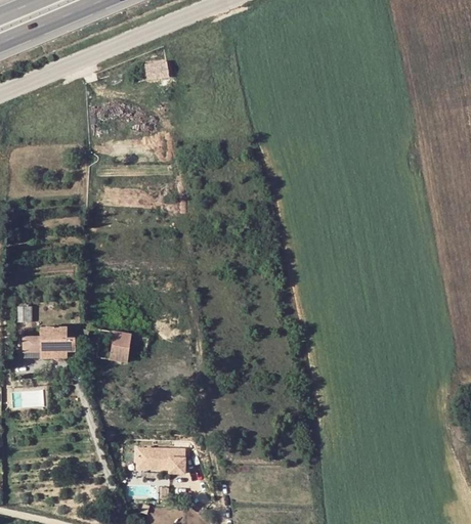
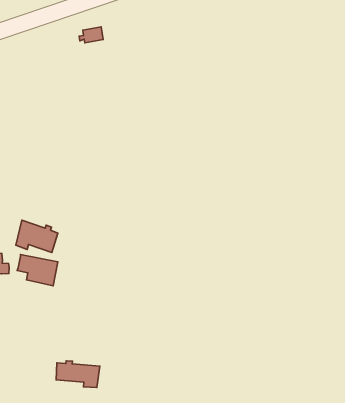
building: none -> [16,220,58,252]

